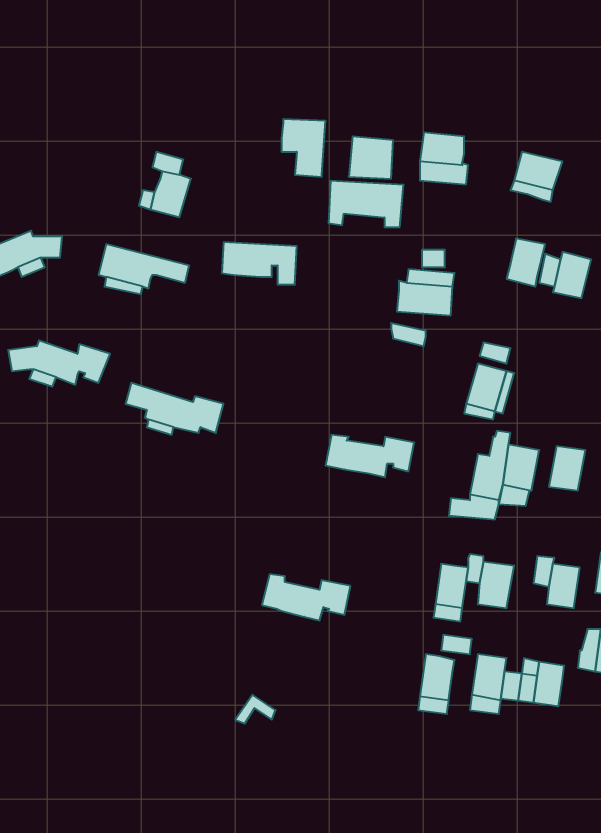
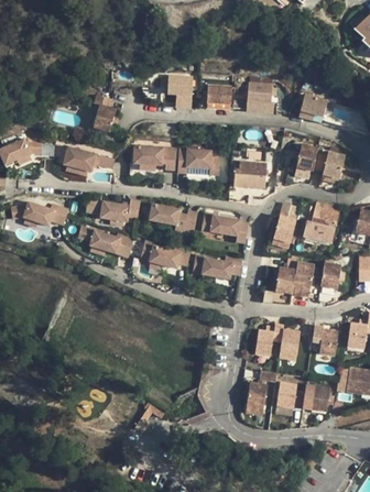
building: [329,181,404,227] -> [178,147,221,174]
building: none -> [86,198,140,221]
building: none -> [149,205,196,236]
building: none -> [303,205,339,242]
building: none -> [202,212,250,244]
building: [262,574,350,621] -> [141,243,192,270]

